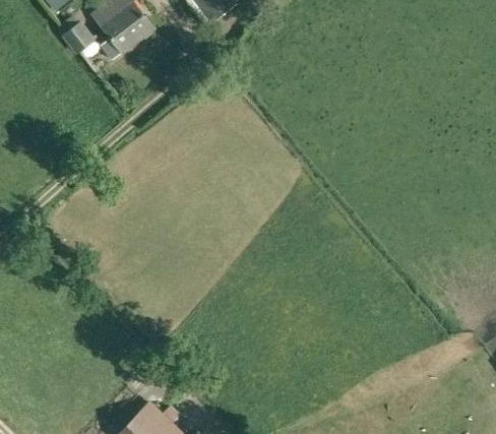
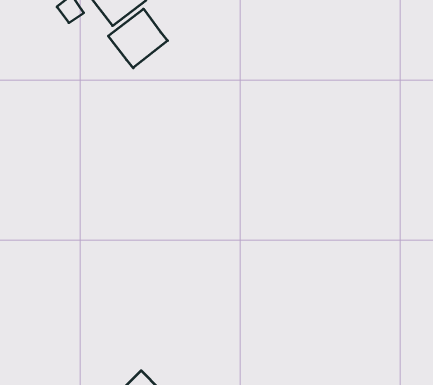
building: none -> [108,9,168,68]

